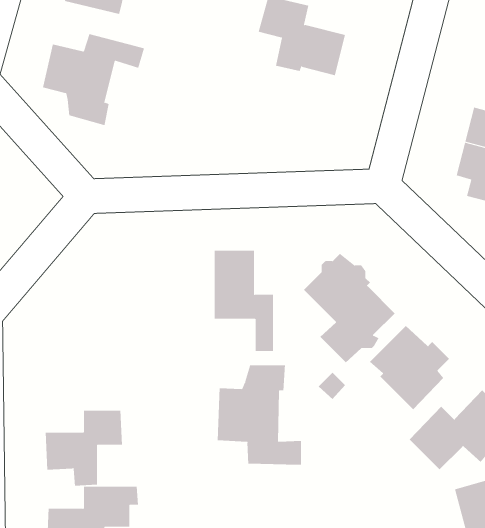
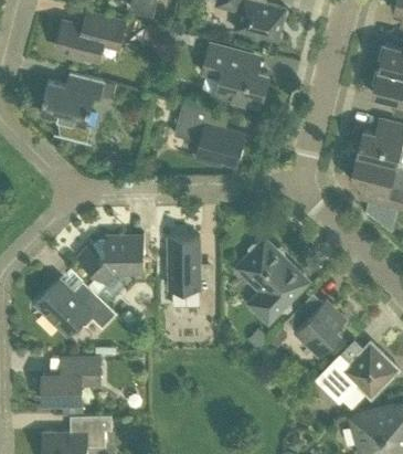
building: none -> [174,101,244,165]
building: none -> [77,233,145,283]
building: none -> [35,277,117,335]
building: [217,364,302,465] -> none

